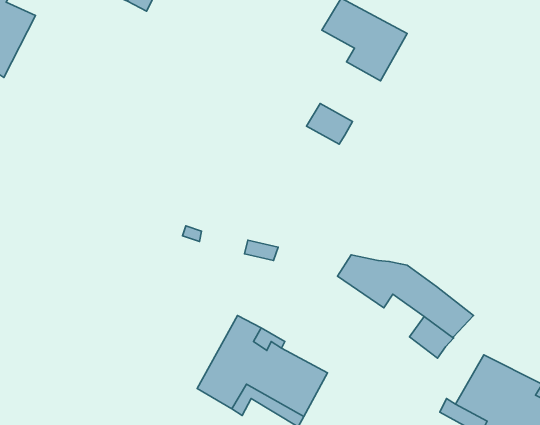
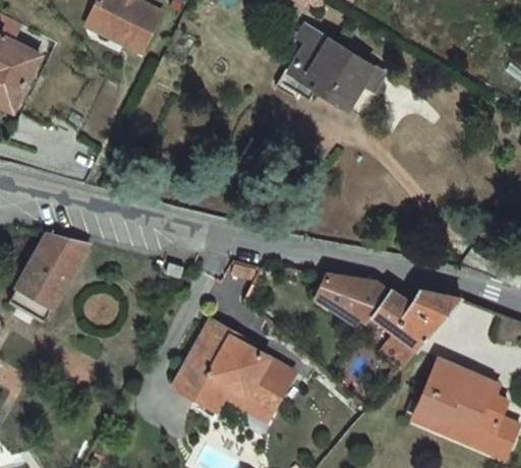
building: [307,104,353,144] -> [285,67,327,104]
building: none -> [10,214,99,318]
building: none -> [401,288,457,326]

